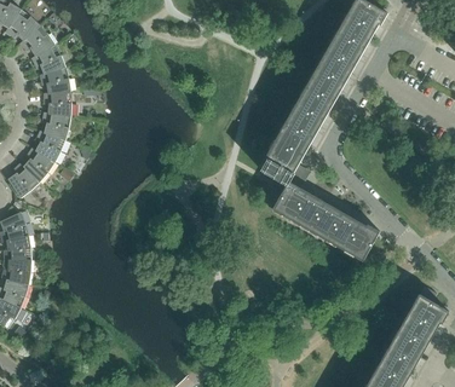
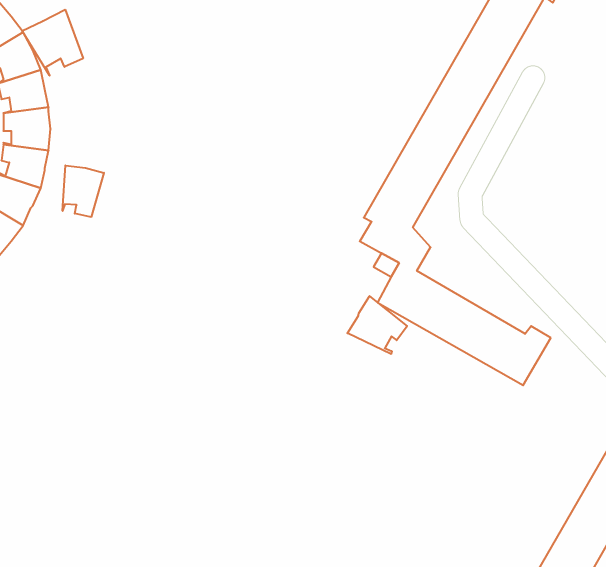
building: none -> [22,10,83,76]
building: none -> [63,165,104,217]
building: none -> [347,296,407,354]

